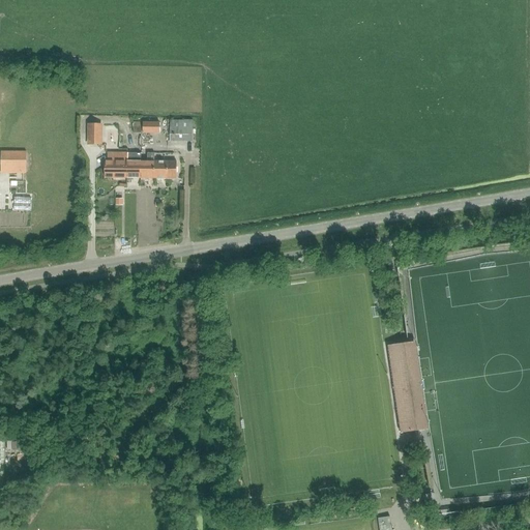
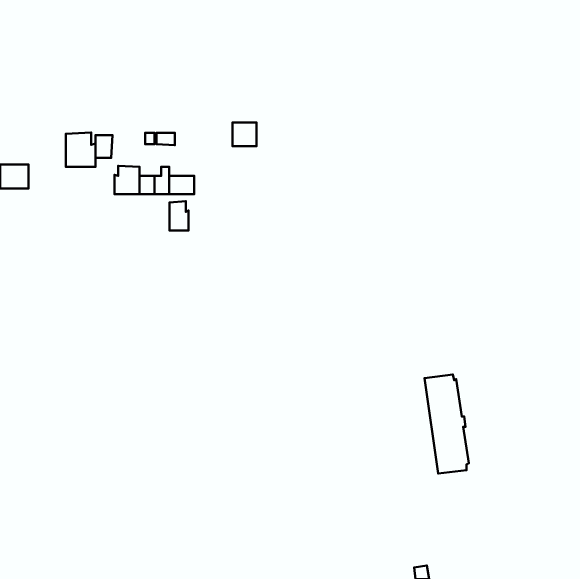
building: [170,119,192,141] -> [233,122,256,146]
building: none -> [66,133,95,167]
building: none -> [170,201,188,230]

